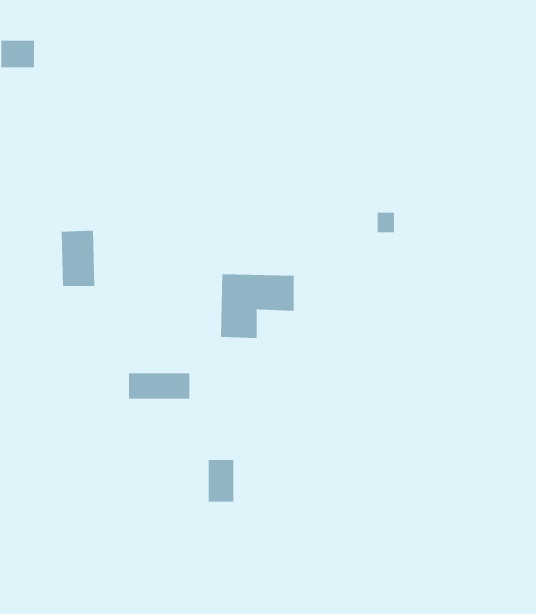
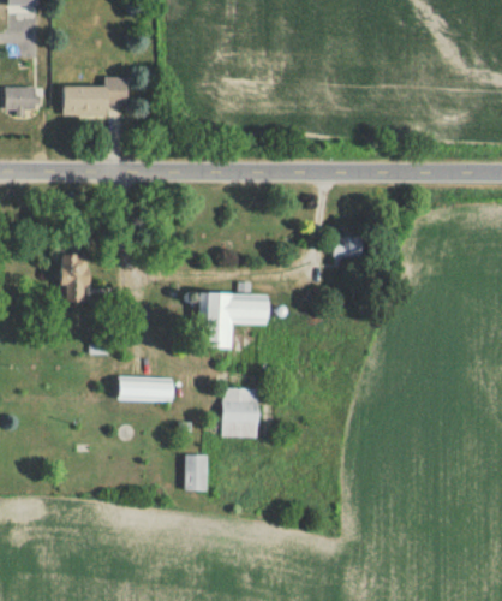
building: none -> [62,77,129,115]
building: none -> [225,388,261,438]

